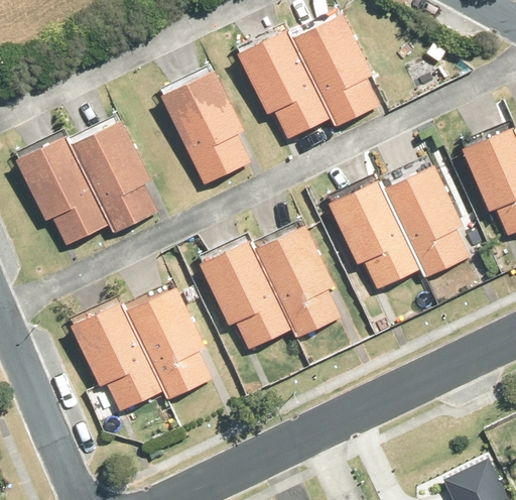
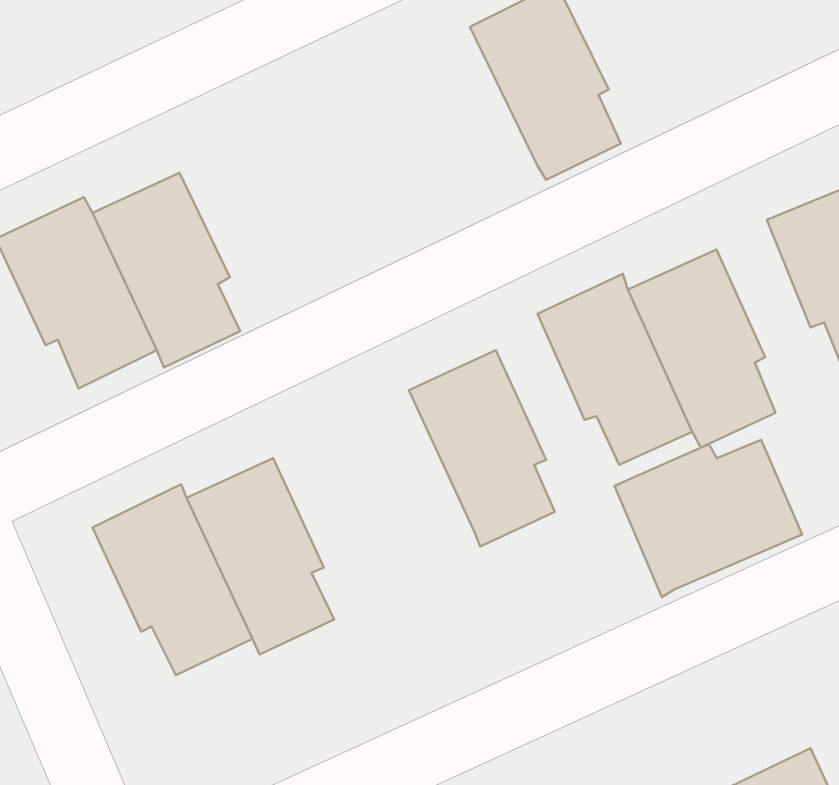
building: [237,28,330,137] -> none
building: [160,69,251,184] -> none
building: [200,238,293,350] -> none
building: none -> [614,440,802,597]

